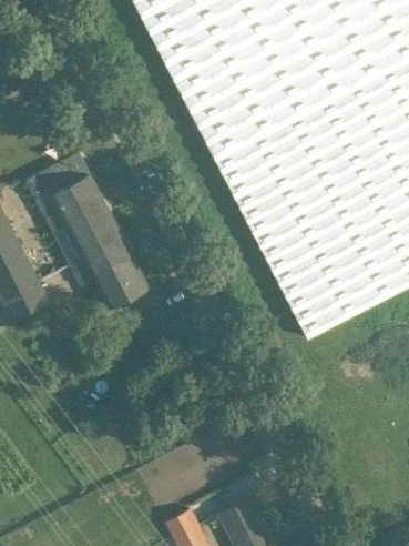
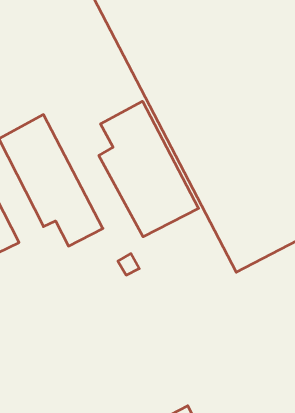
building: none -> [99,101,199,237]

